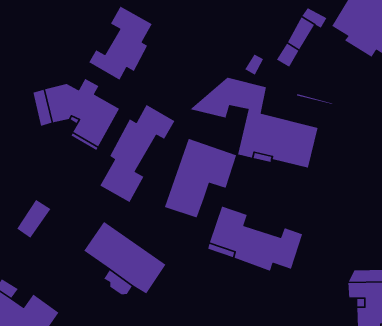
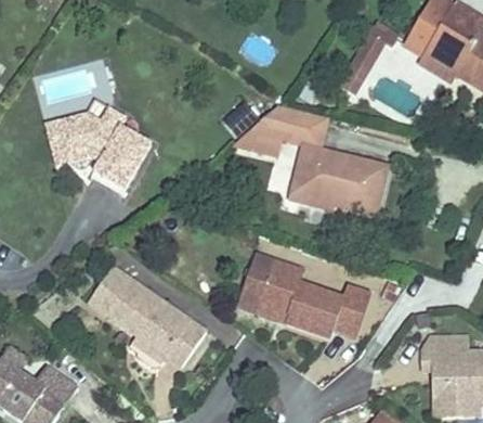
building: [88,5,153,81] -> none
building: [99,104,175,203] -> none
building: [164,138,237,219] -> none
building: [16,199,51,239] -> [89,266,131,313]

